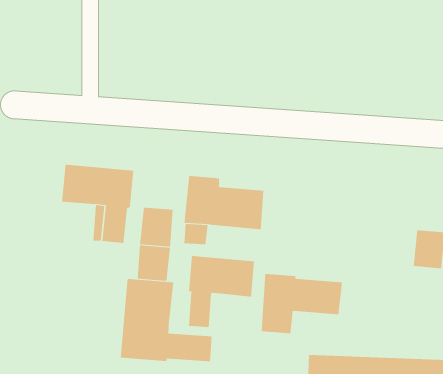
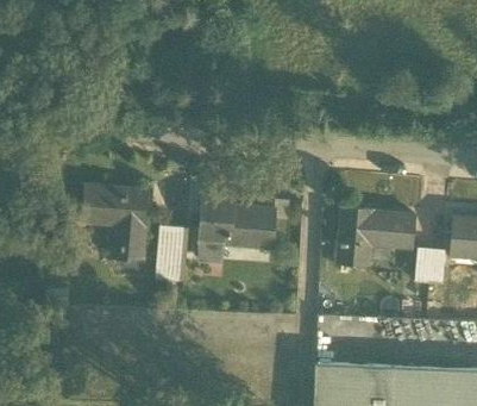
building: [188,255,255,328] -> none
building: [261,273,343,334] -> [340,206,418,263]
building: [120,278,212,362] -> none

